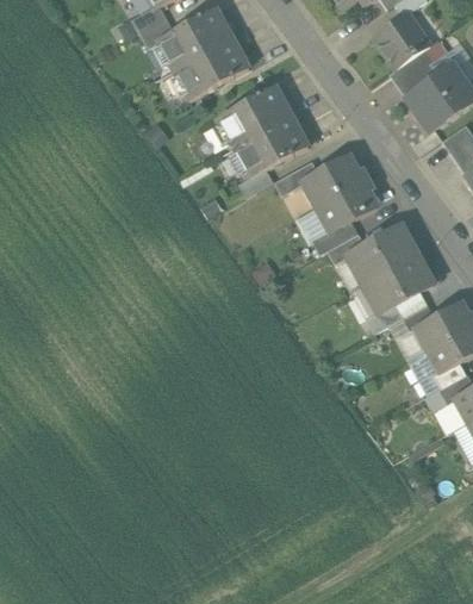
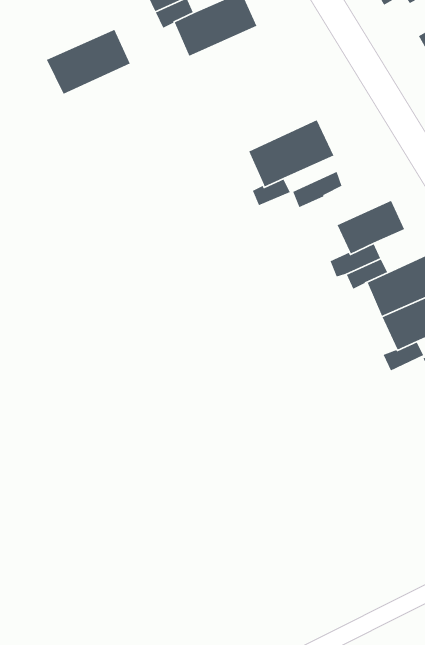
building: [173,37,248,99] -> [46,29,131,95]
building: [216,86,291,148] -> none
building: [303,155,362,206] -> none

